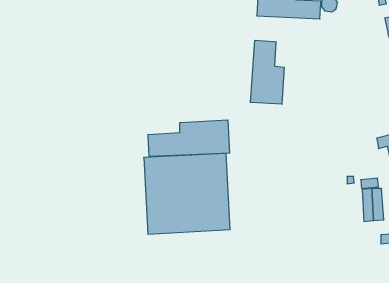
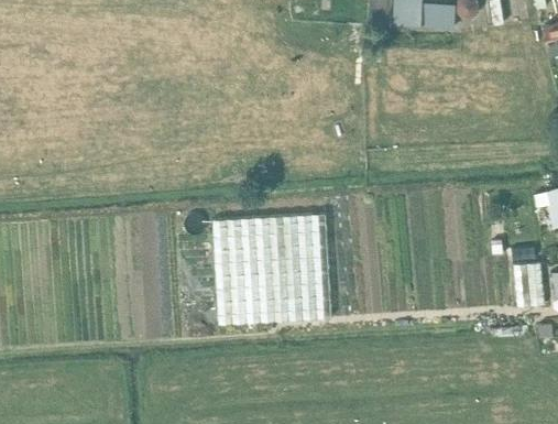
building: [250,40,284,104] -> none
building: [148,120,229,157] -> none

